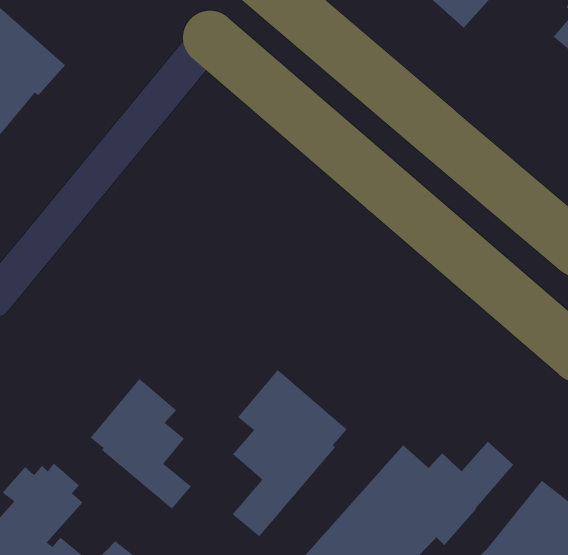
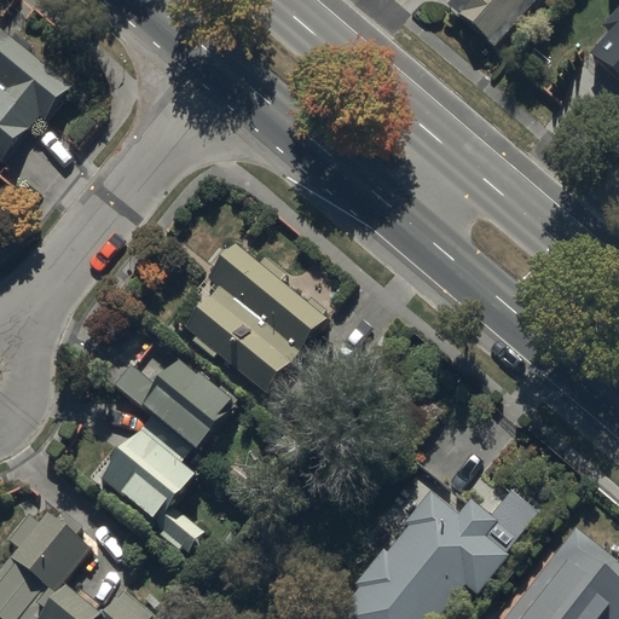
building: none -> [183,242,328,398]
building: none -> [111,360,239,458]
building: [232,369,347,537] -> none

